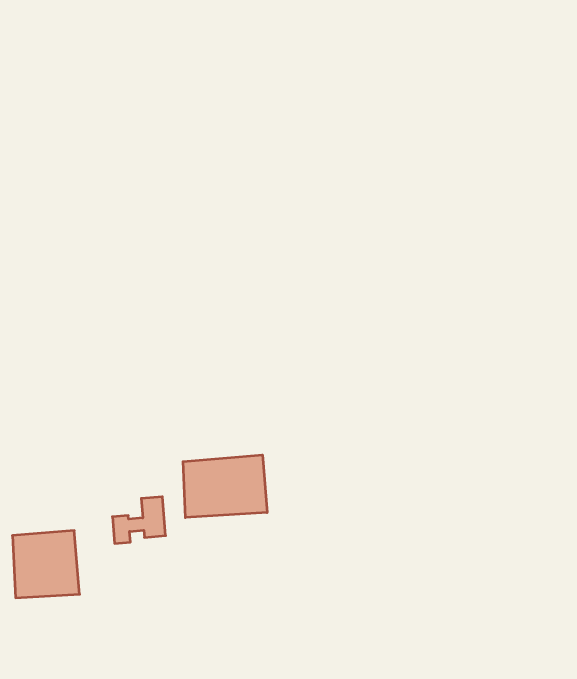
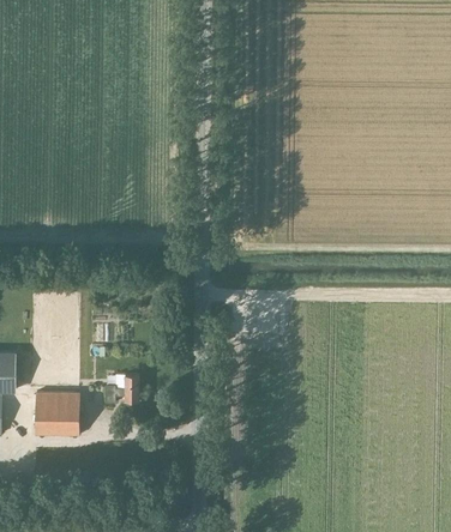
building: [183,455,267,518] -> none

